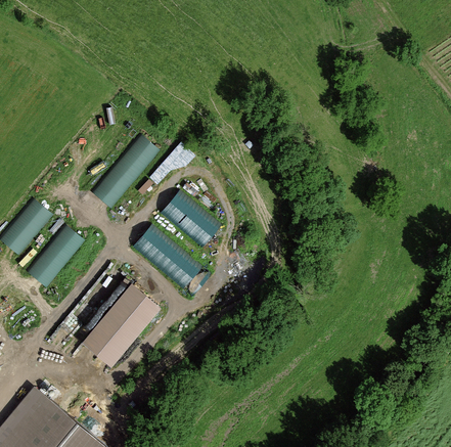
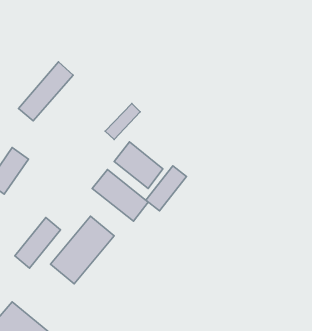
building: [93,133,162,207] -> [18,62,73,121]
building: none -> [146,166,186,211]
building: [29,223,86,286] -> [15,218,60,268]

